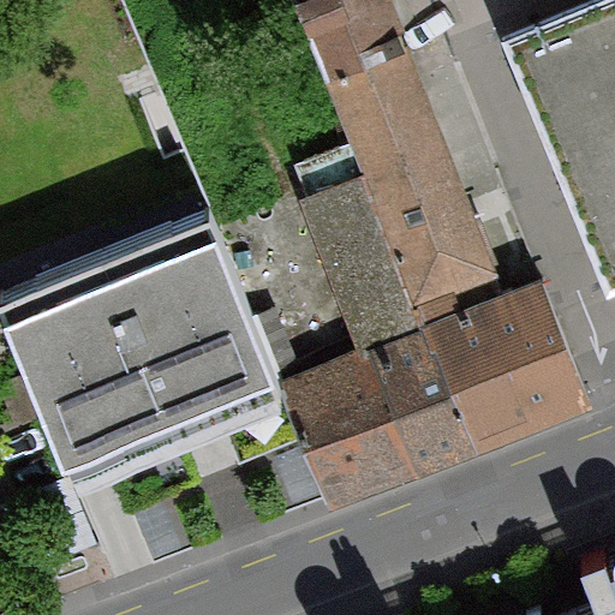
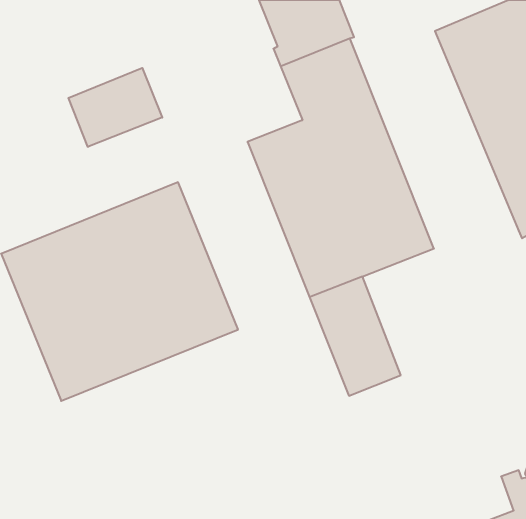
building: none -> [68,68,162,147]
building: [424,289,579,447] -> none
building: [281,357,408,503] -> none

